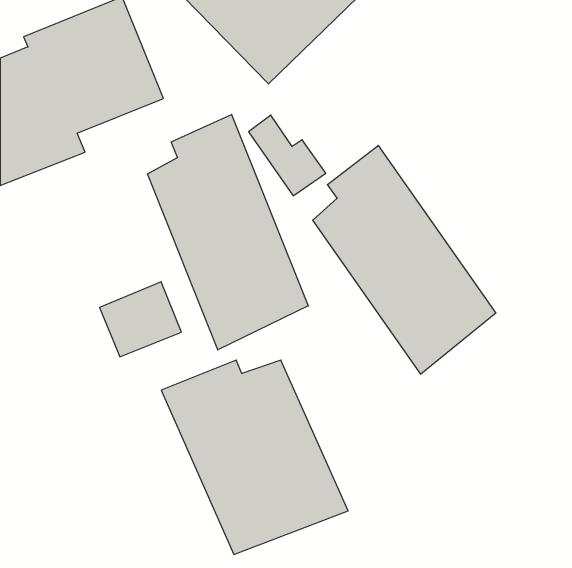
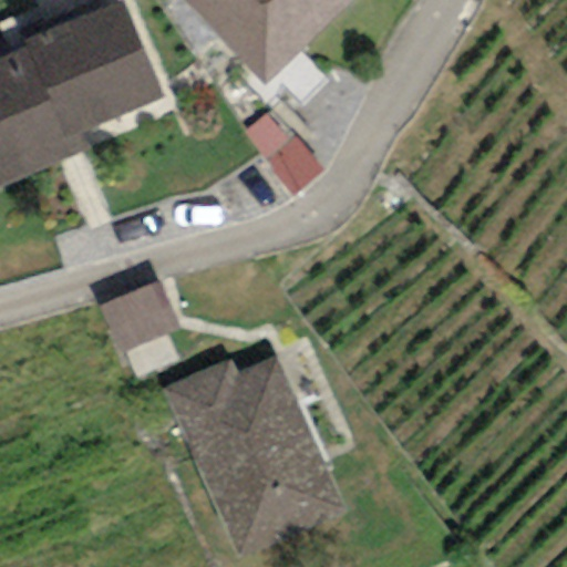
building: [148,114,308,350] -> none
building: [313,145,496,374] -> none

